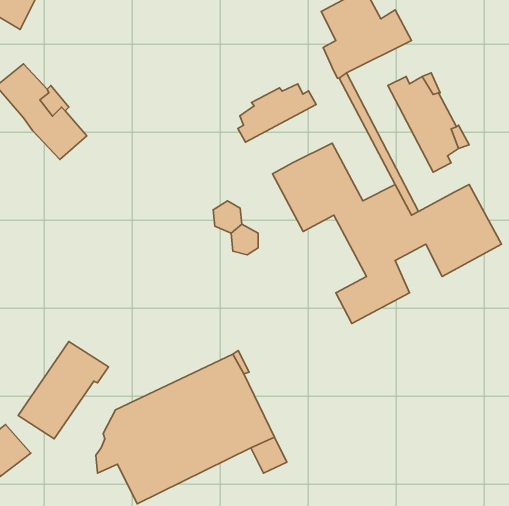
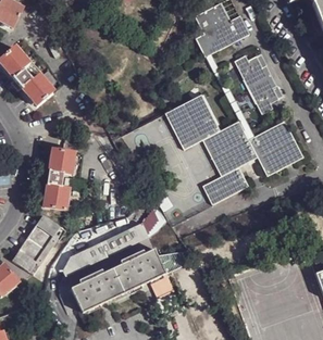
building: [238,84,316,142] -> none
building: none -> [46,150,75,211]

